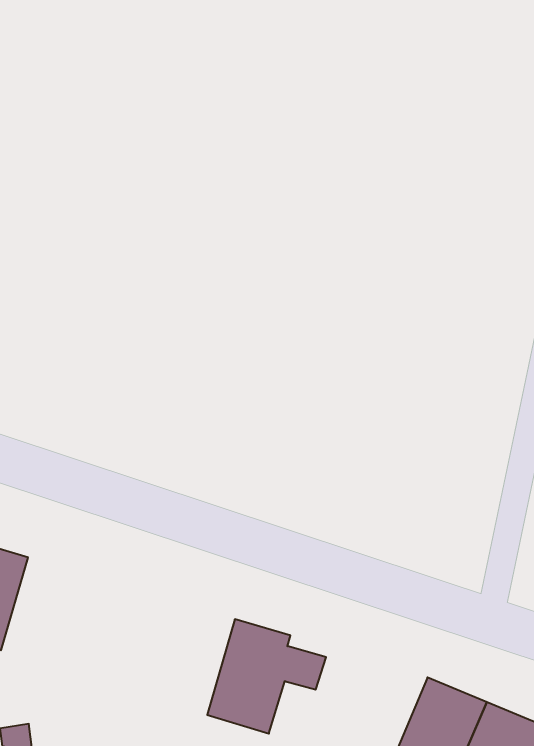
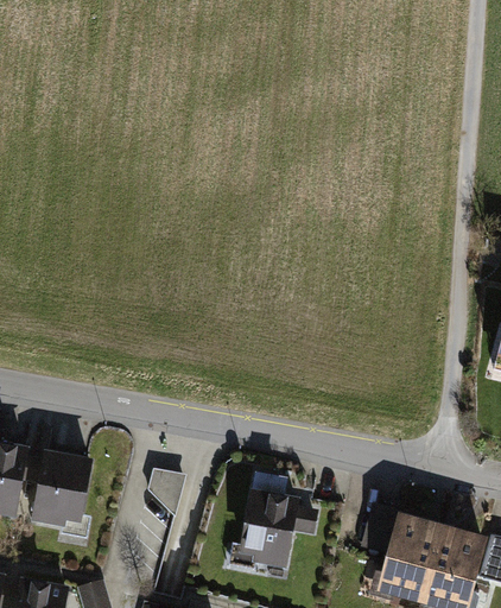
building: none -> [148,461,189,501]

